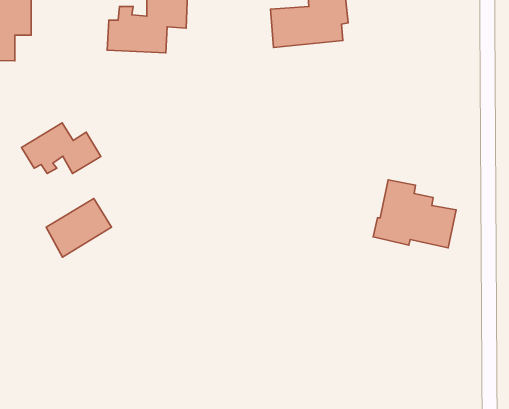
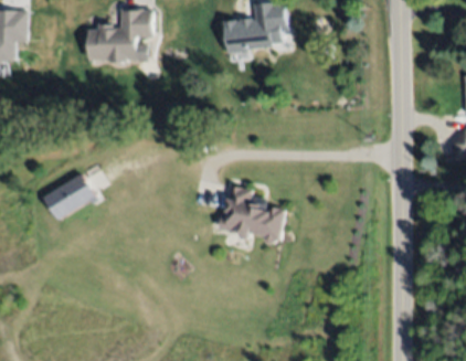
building: [22,123,101,174] -> none
building: [373,180,456,248] -> [215,187,283,242]

